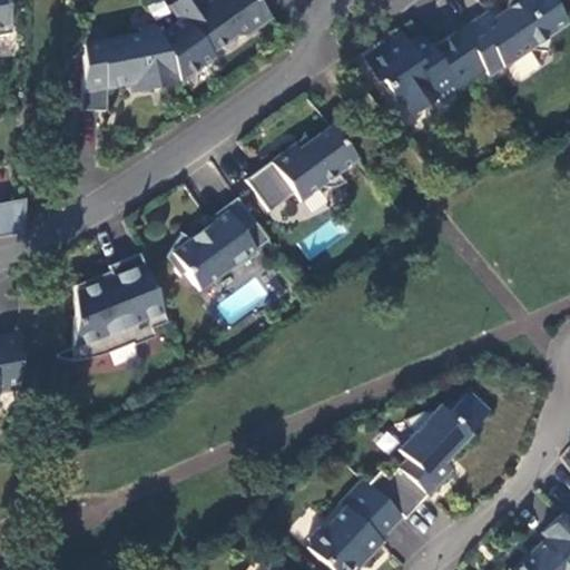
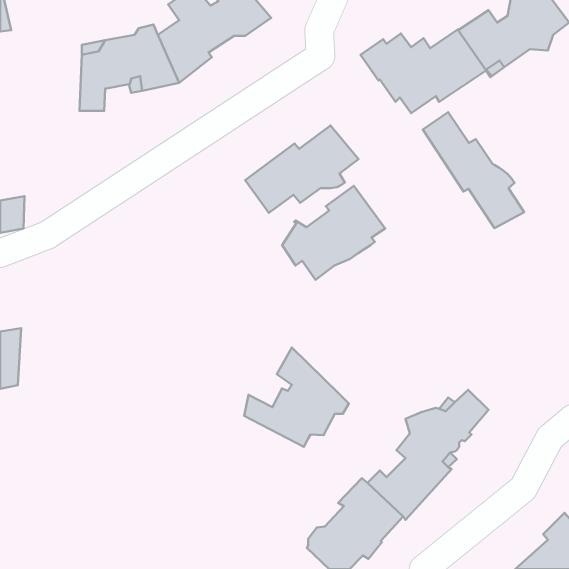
building: none -> [423,112,524,228]
building: [167,197,269,291] -> [282,186,385,280]
building: [73,253,169,360] -> none
building: none -> [244,347,349,447]

